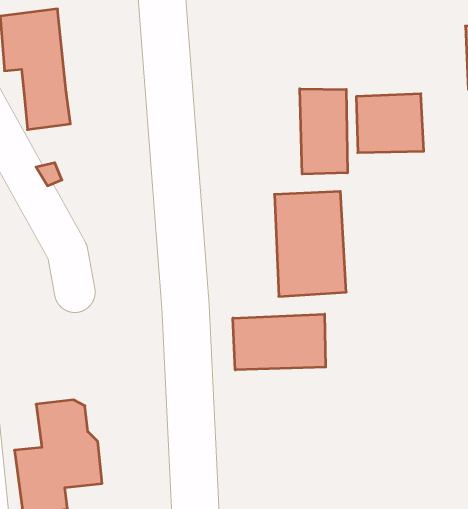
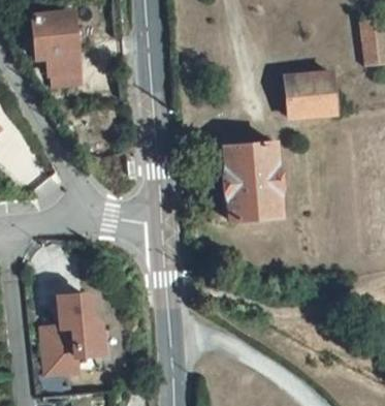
building: [300,89,347,174] -> none
building: [233,314,326,370] -> none

